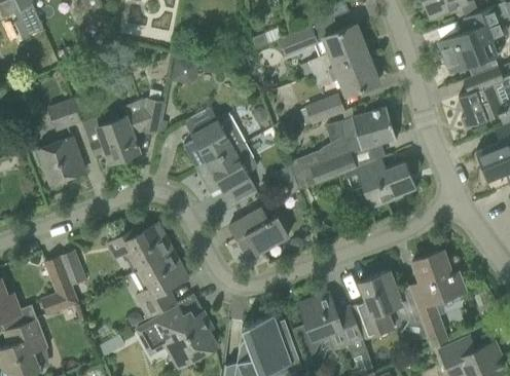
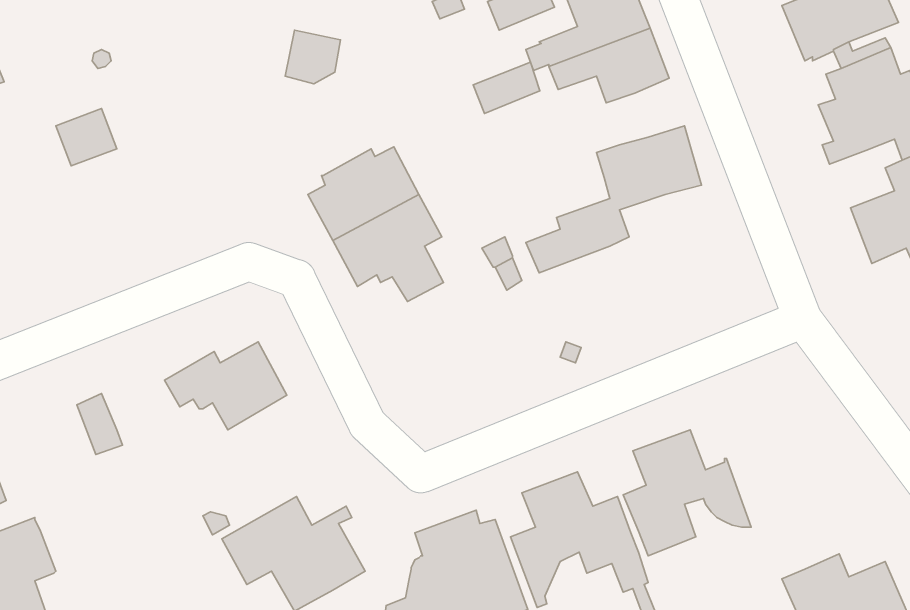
building: [306,96,342,123] -> [473,62,540,114]
building: [82,98,162,162] -> none
building: [37,136,85,184] -> none
building: [347,157,416,208] -> none
building: [229,208,289,254] -> none
building: [409,250,466,349] -> none
building: [137,252,187,317] -> none
building: [43,257,77,313] -> none

